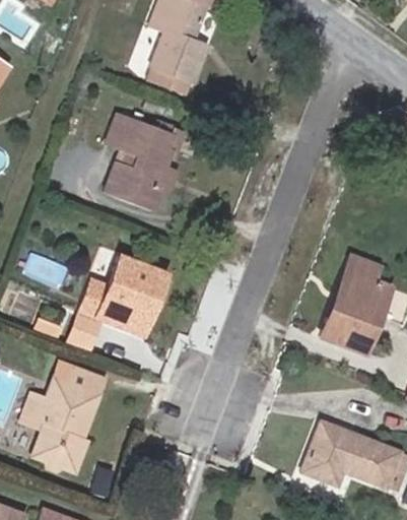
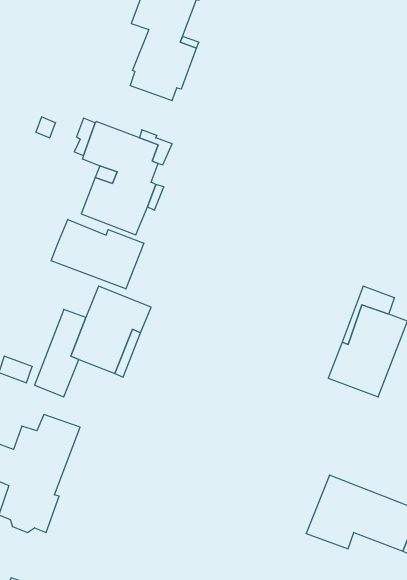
building: none -> [51,219,144,289]

